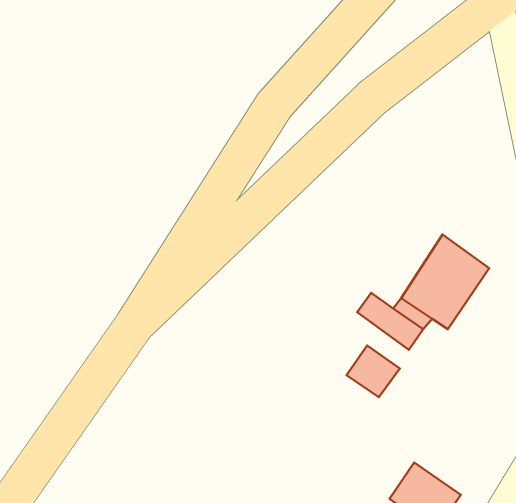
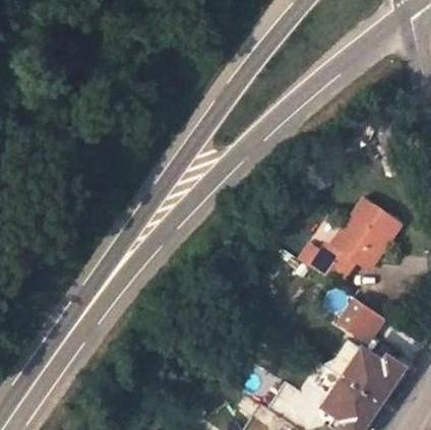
building: [347,345,400,397] -> [340,298,381,339]
building: none -> [343,347,403,401]

